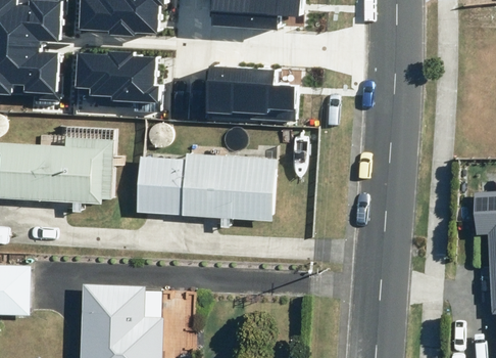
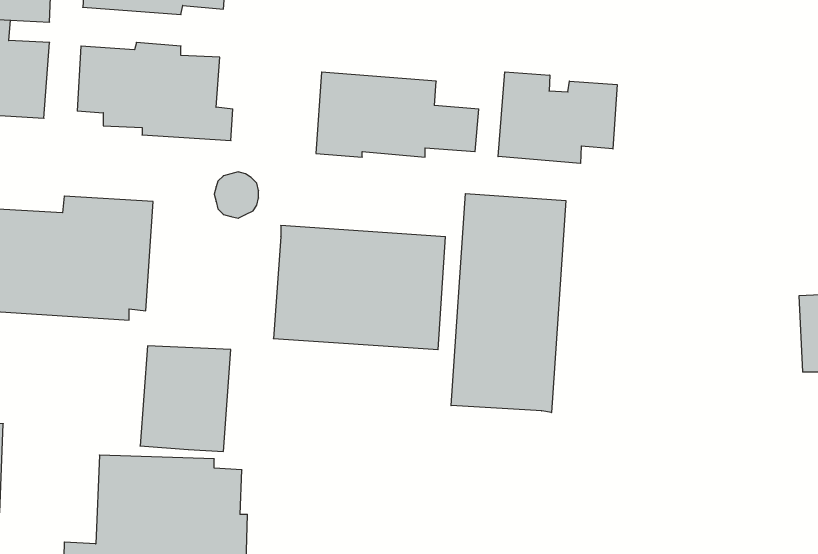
building: none -> [498,72,617,163]
building: none -> [451,194,566,413]
building: [137,158,187,216] -> [140,346,231,451]

